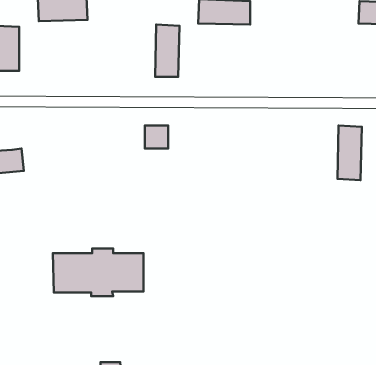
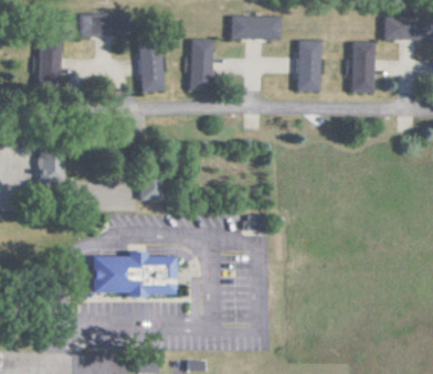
building: none -> [298,40,321,90]
building: none -> [139,49,163,90]
building: [145,125,168,149] -> [141,178,163,200]
building: [337,126,362,180] -> [351,41,374,93]

